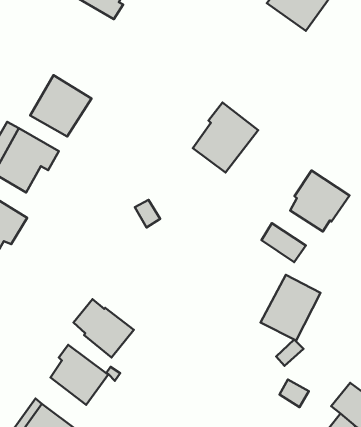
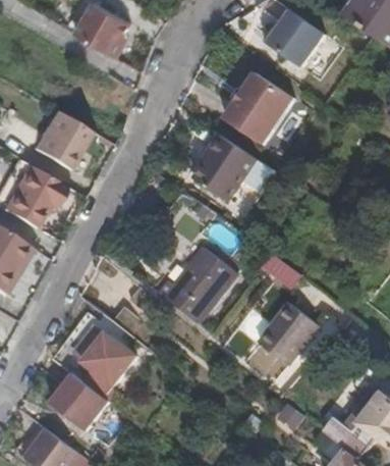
building: none -> [223,73,293,147]
building: [290,171,349,231] -> none
building: none -> [159,247,239,325]

